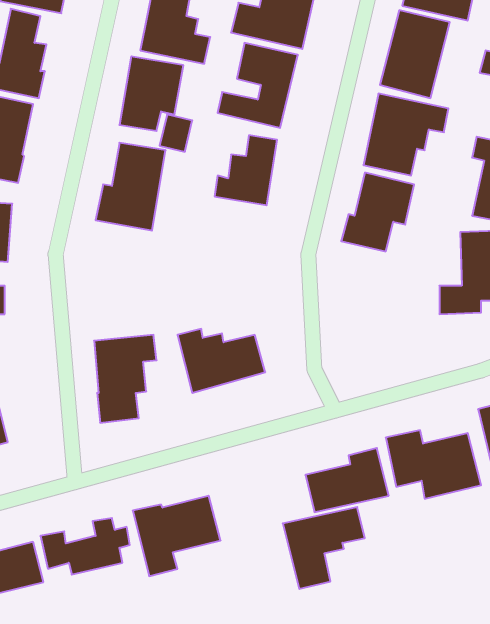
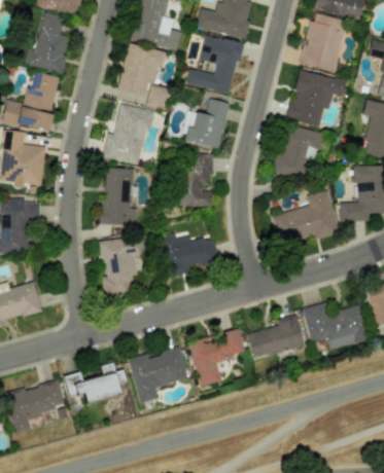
building: none -> [177,153,213,207]
building: none -> [102,168,137,225]
building: none -> [271,190,339,245]
building: [283,507,365,589] -> [188,330,245,387]

